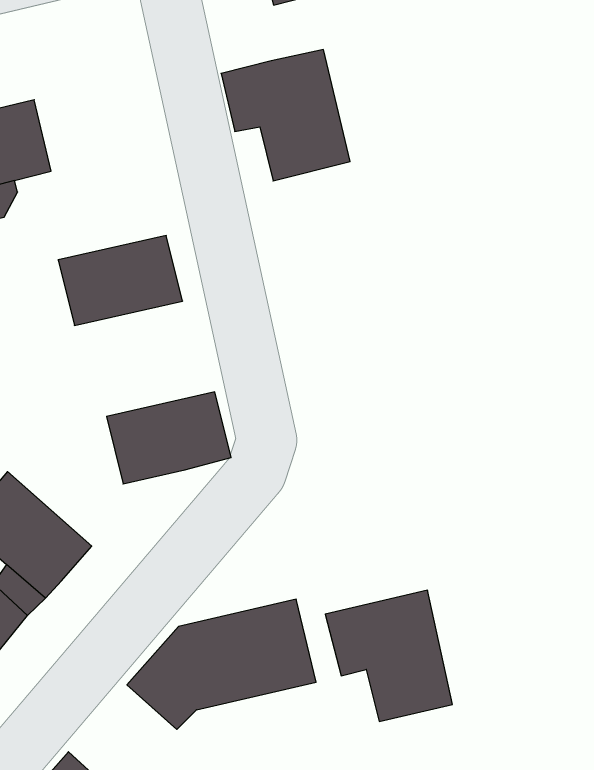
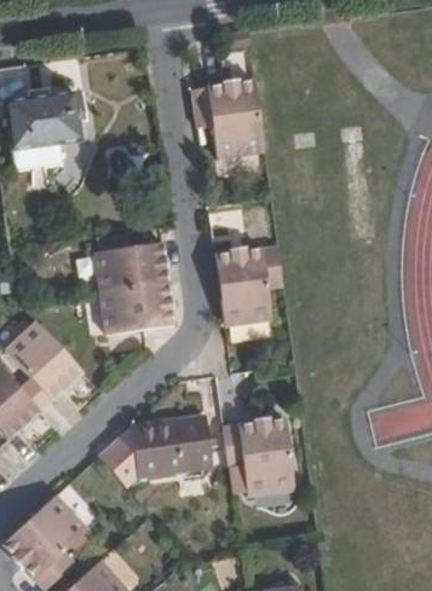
building: [58,236,183,325] -> [94,243,168,292]
building: none -> [214,245,284,325]

